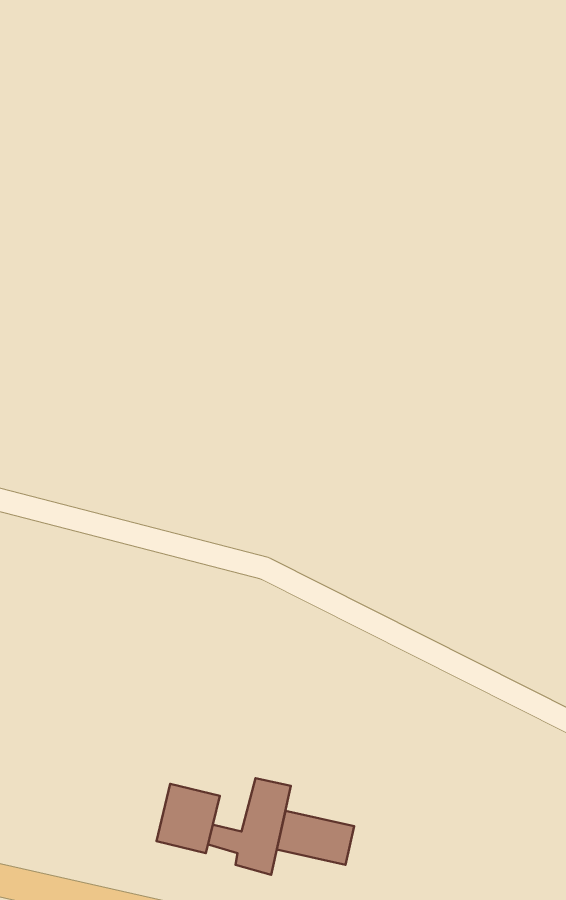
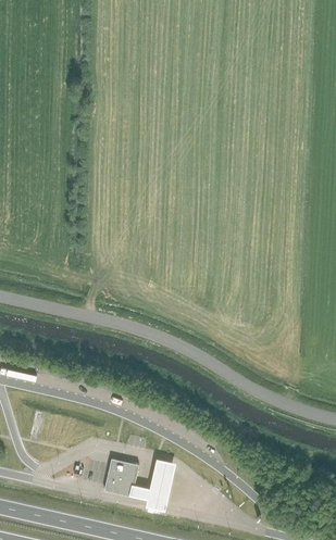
building: [277,811,354,865] -> none

